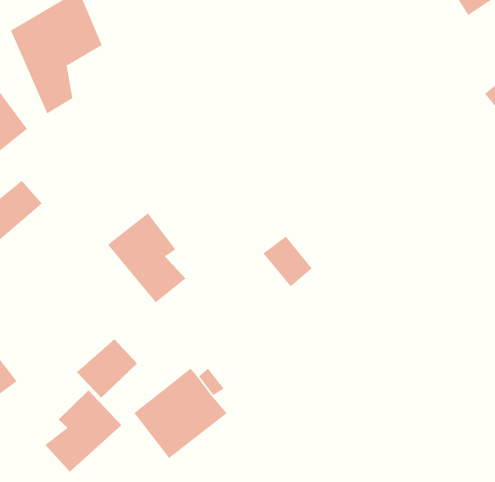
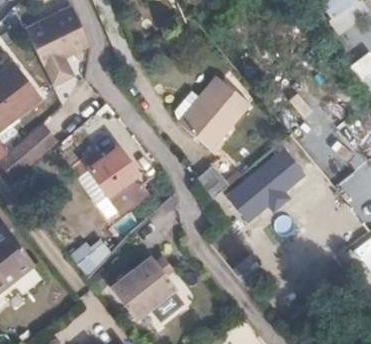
building: none -> [178,74,253,149]
building: none -> [229,150,307,221]
building: [45,390,122,472] -> none

